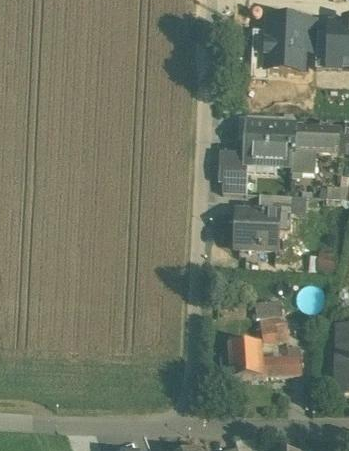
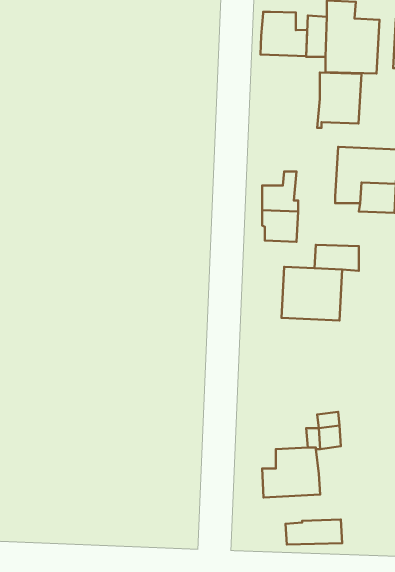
building: none -> [260,12,307,56]
building: [244,121,276,161] -> [317,73,361,128]
building: [262,356,303,374] -> [286,520,342,544]

